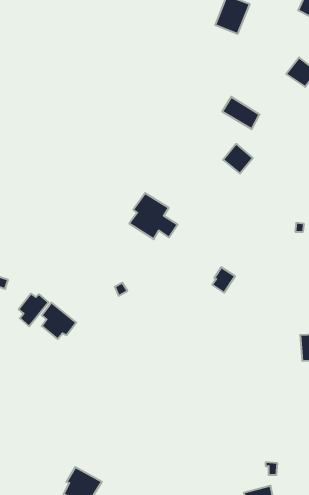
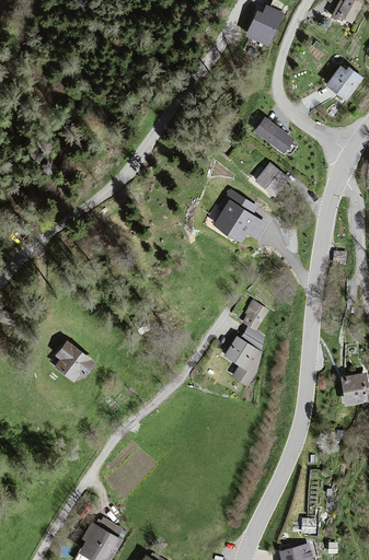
building: [129,193,178,239] -> [212,189,266,241]
building: [19,294,48,326] -> none
building: none -> [224,337,267,387]

